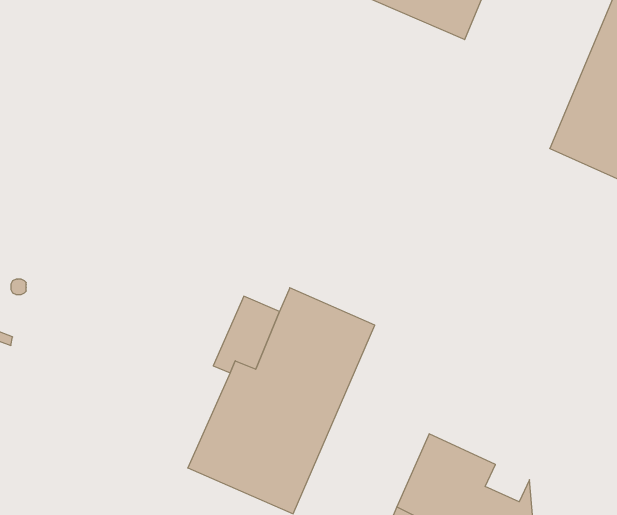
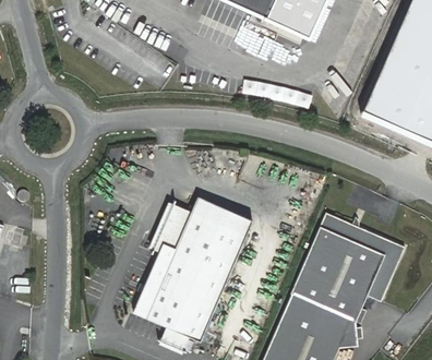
building: none -> [289,209,404,335]

